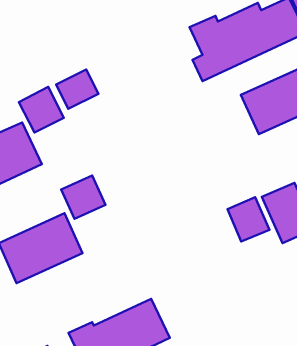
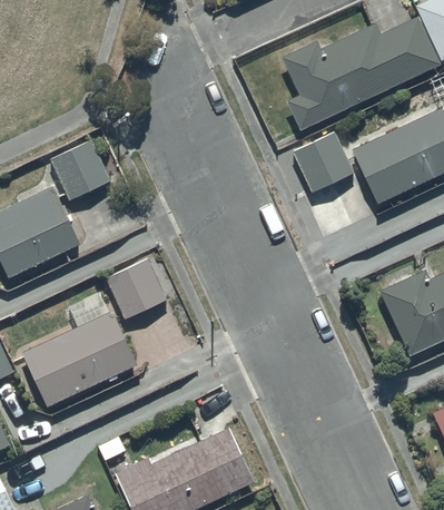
building: [56,70,98,109] -> none
building: none -> [292,134,353,194]
building: [227,197,269,241] -> none

